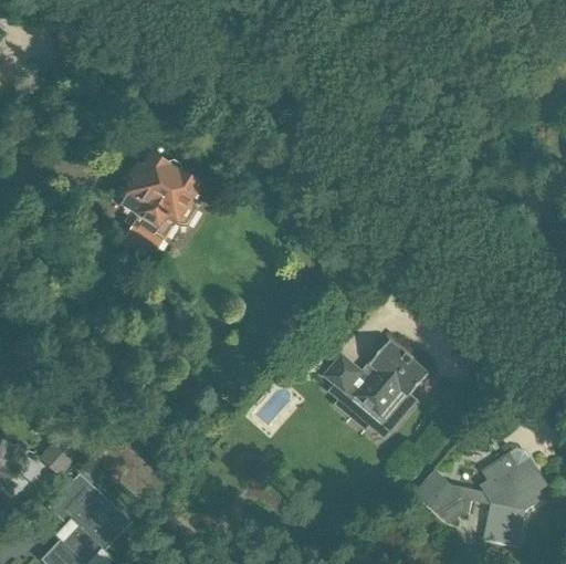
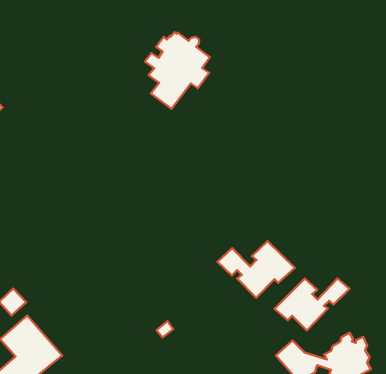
building: [109,156,197,259] -> [145,32,210,109]
building: none -> [275,278,349,331]

